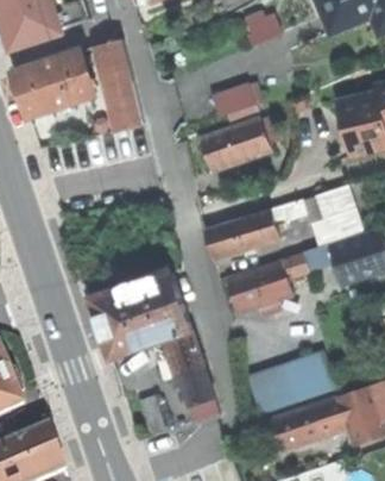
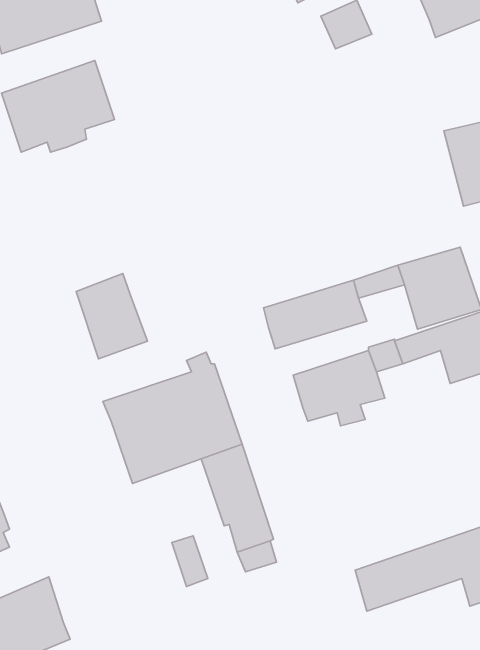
building: [97,39,143,129] -> none
building: [212,85,261,125] -> none
building: [200,117,271,173] -> none
building: none -> [76,273,147,359]
building: [246,354,330,413] -> none

